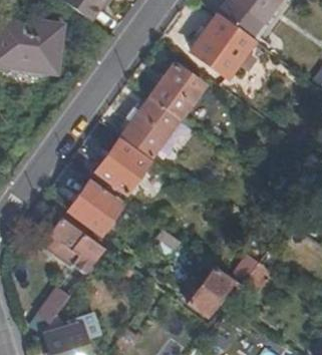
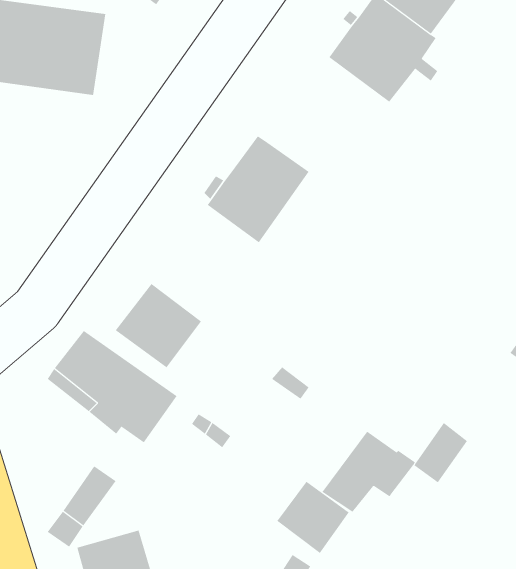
building: [150,63,205,117] -> none
building: [96,138,149,194] -> none
building: none -> [276,481,350,554]

